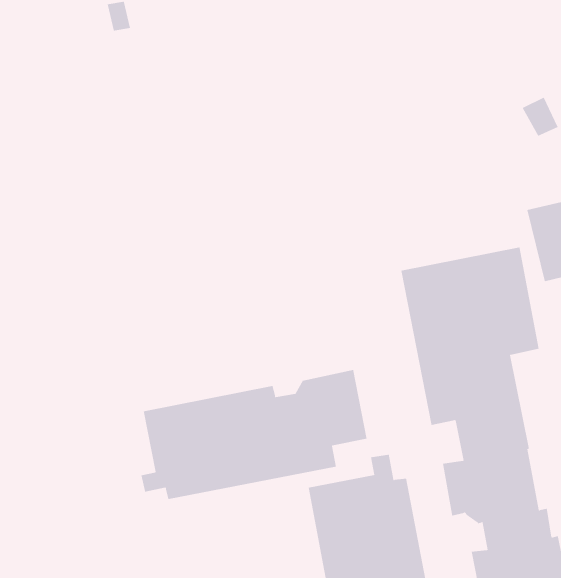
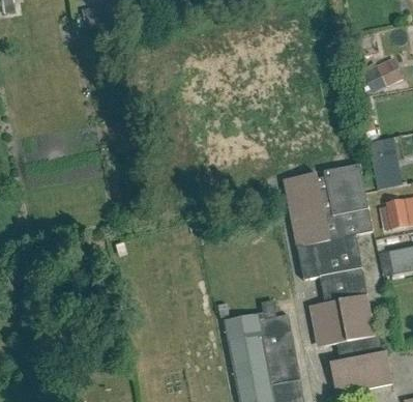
building: [141,369,367,500] -> none

